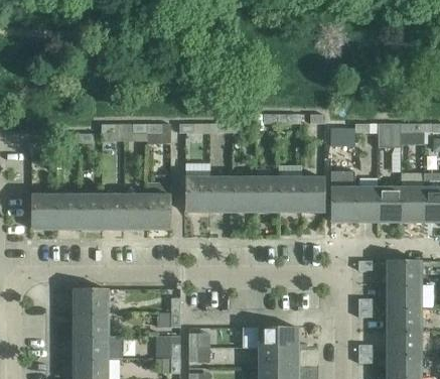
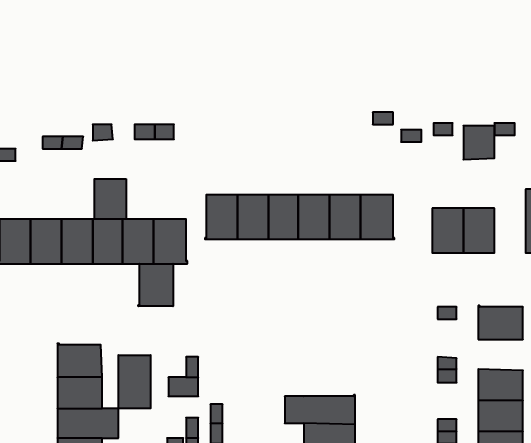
building: none -> [94,179,126,219]
building: [329,186,353,220] -> none
building: [400,186,423,220] -> none
building: none -> [138,264,173,306]
building: [388,284,421,307] -> none
building: none -> [118,355,151,408]

